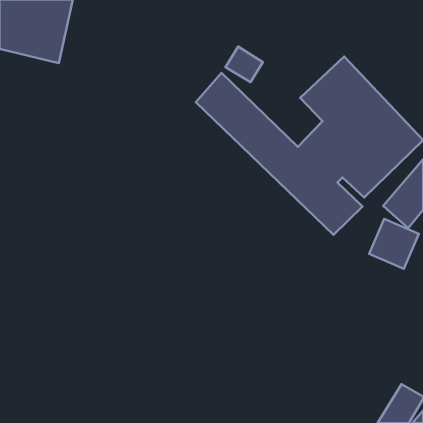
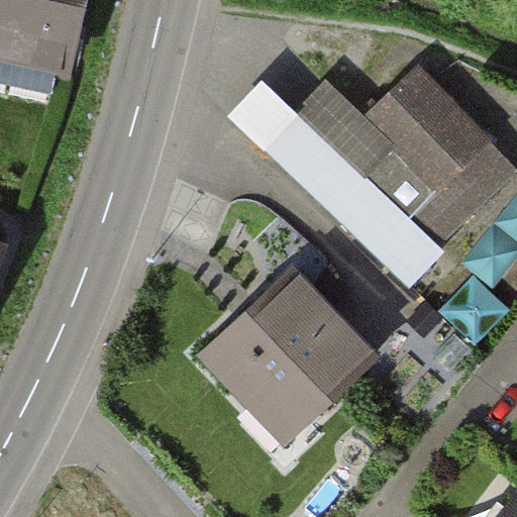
building: none -> [204,271,373,439]

